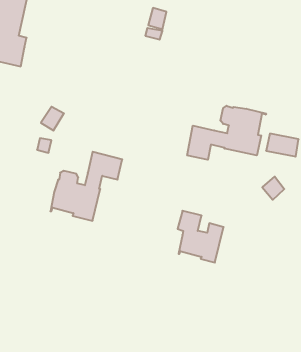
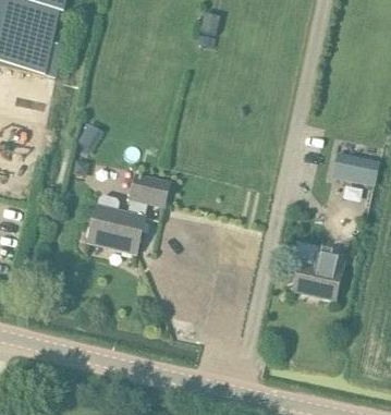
building: [187,106,266,160] -> none
building: [178,211,224,263] -> [292,242,344,301]

